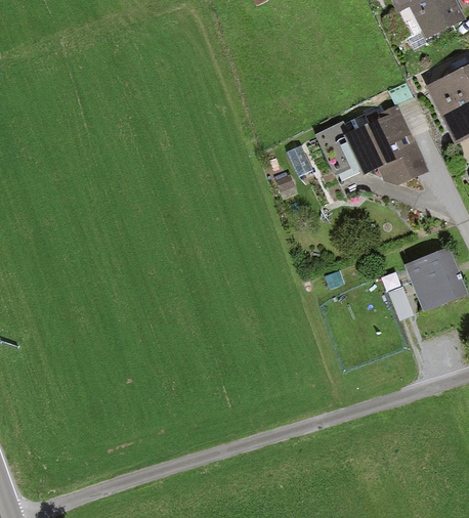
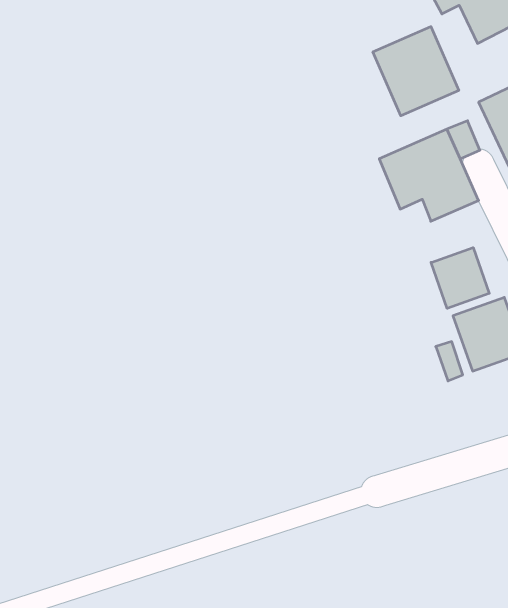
building: none -> [373,27,459,116]
building: none -> [431,248,489,308]

